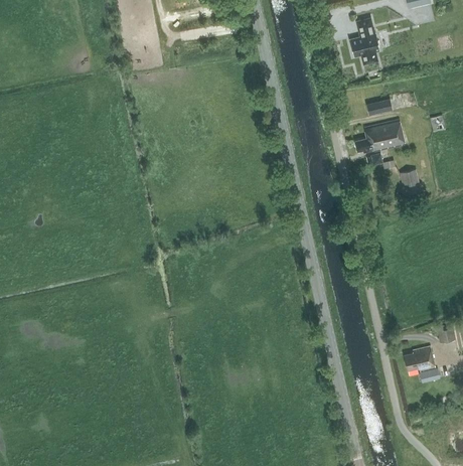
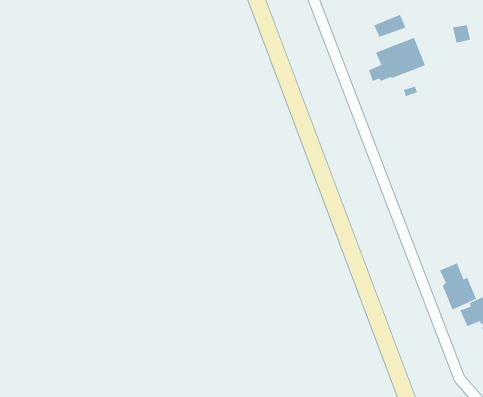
building: [400,169,421,194] -> none
building: none -> [439,263,477,311]

